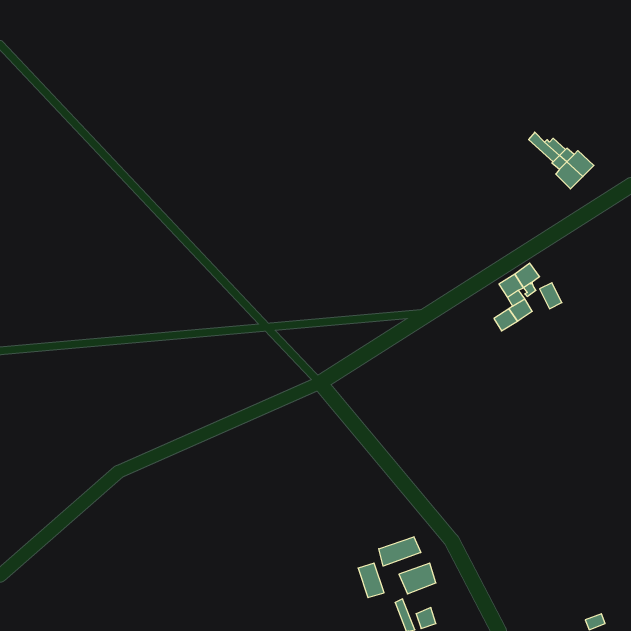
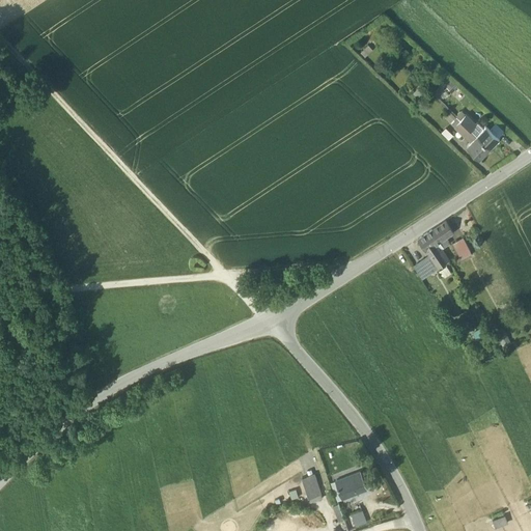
building: [379,537,421,566] -> none

